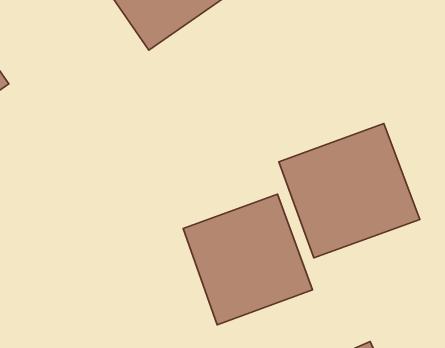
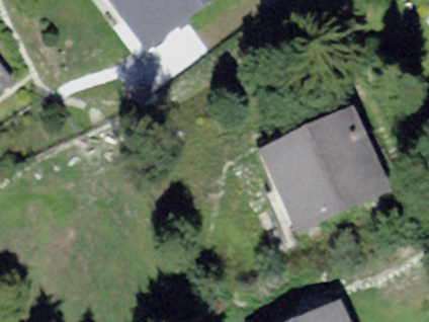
building: [183,194,312,325] -> none

